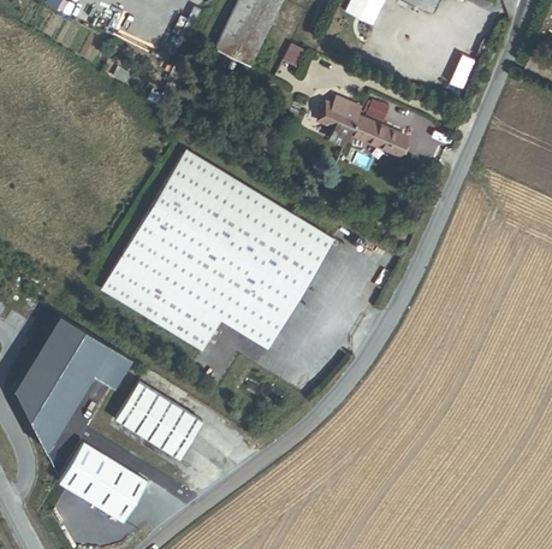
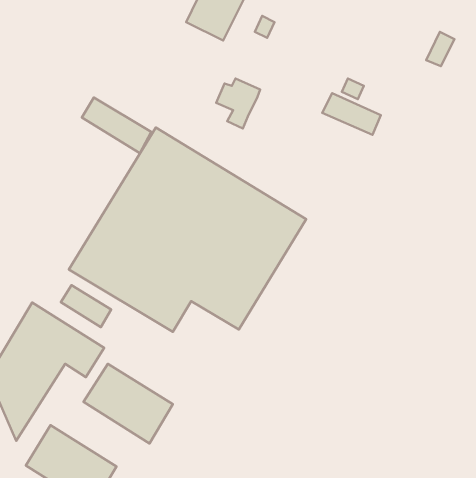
building: [317,98,361,147] -> [216,78,260,129]
building: none -> [82,97,151,153]
building: none -> [61,285,111,327]

